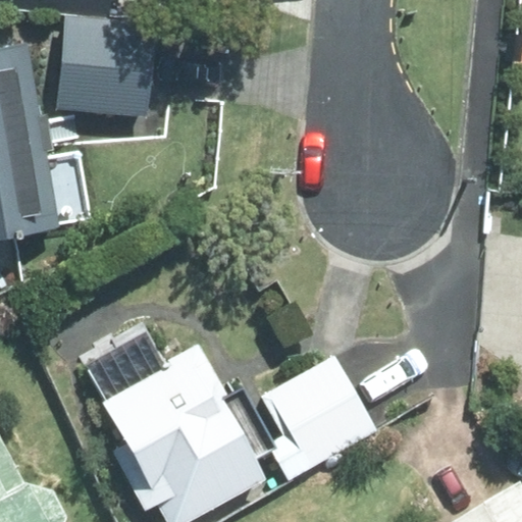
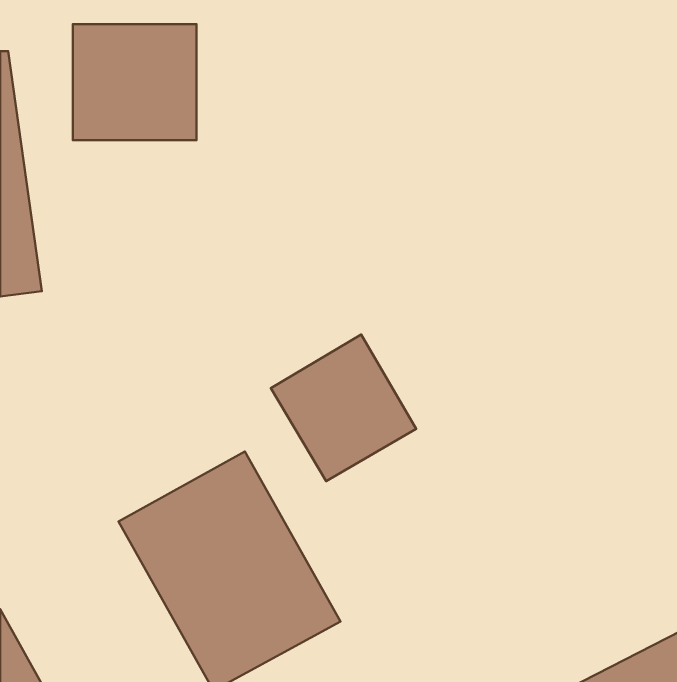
building: [264,357,374,468] -> [271,334,416,481]

